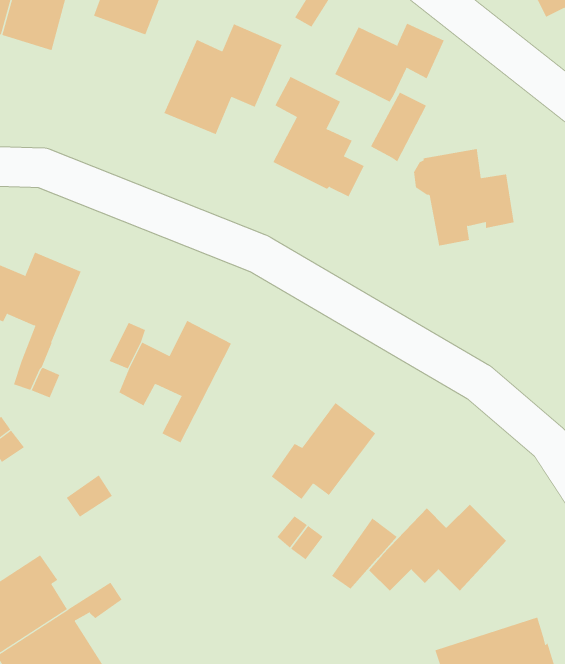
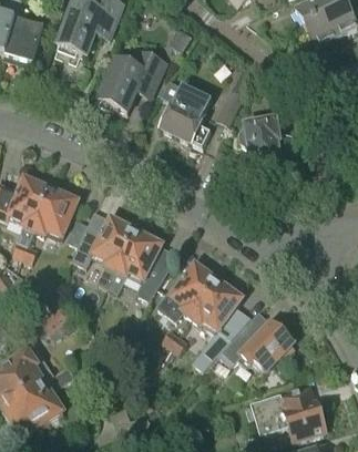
building: [334,23,444,102] -> none
building: none -> [34,187,78,235]
building: none -> [108,228,167,298]
building: none -> [192,279,242,328]

